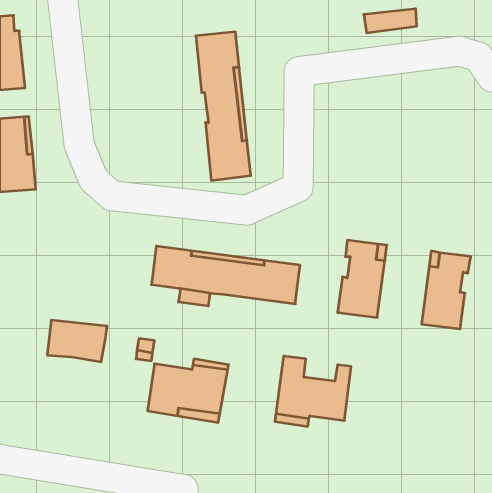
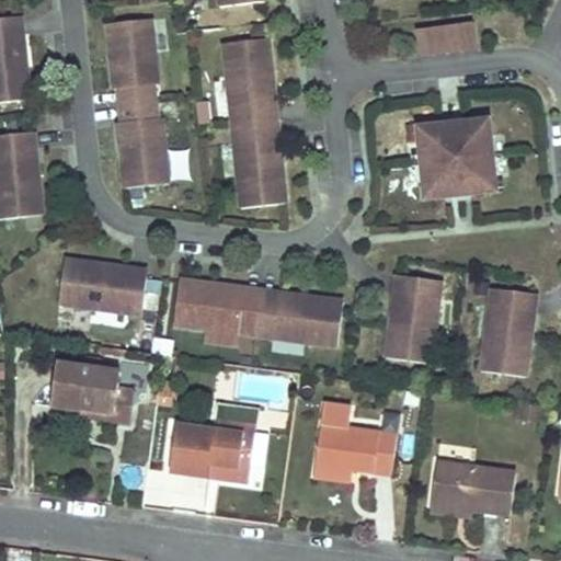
building: none -> [106,16,167,185]
building: none -> [417,107,493,185]
building: none -> [57,260,145,314]
building: none -> [79,387,134,423]
building: none -> [426,459,513,516]

